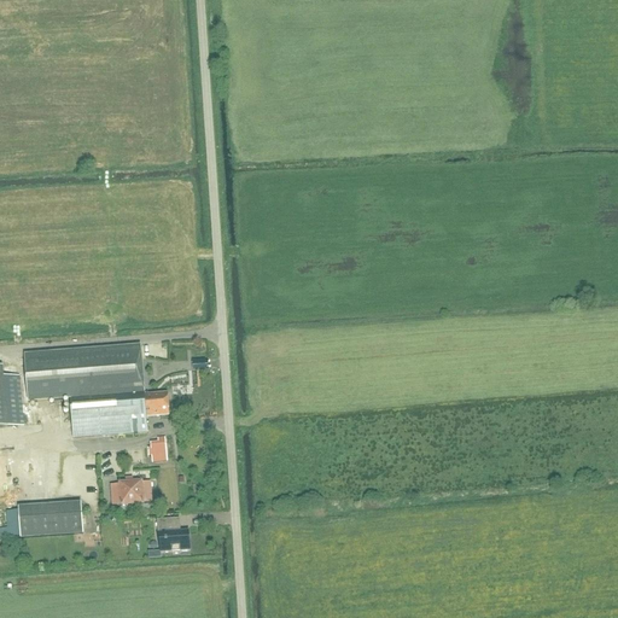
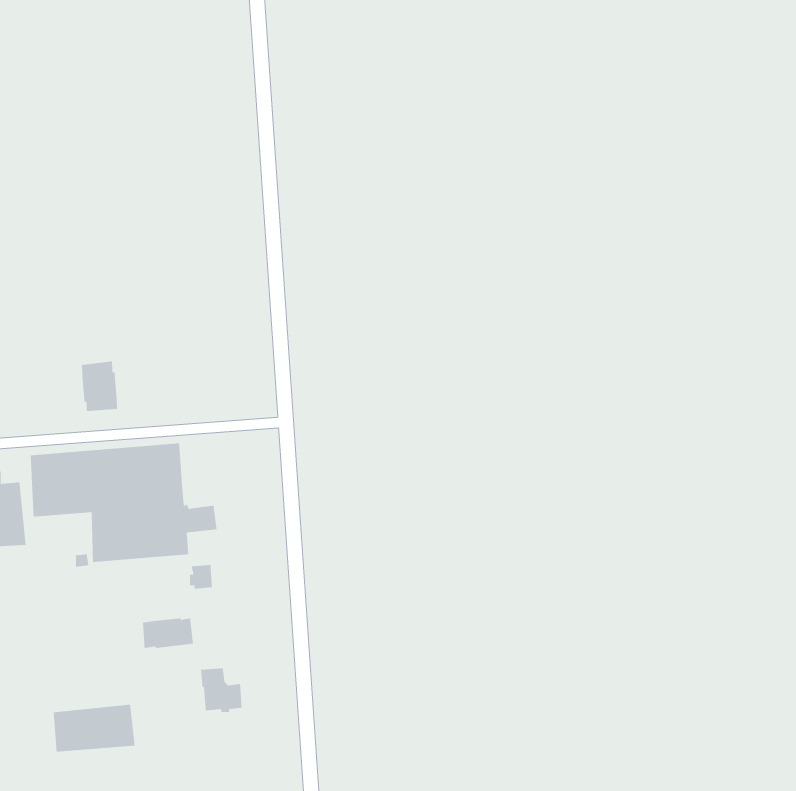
building: none -> [81,361,118,412]
building: [18,500,82,537] -> [53,704,136,752]

